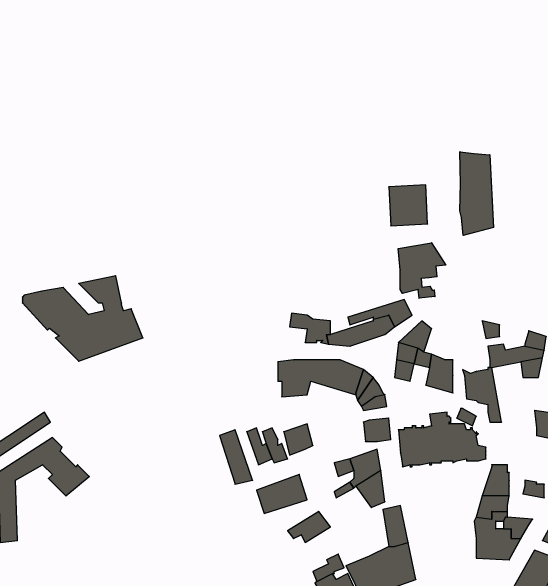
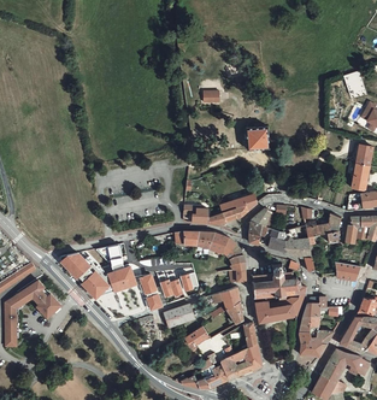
building: [460,152,493,235] -> none
building: [398,243,446,298] -> none
building: [22,276,143,361] -> [60,245,135,298]
building: none -> [254,298,302,322]

